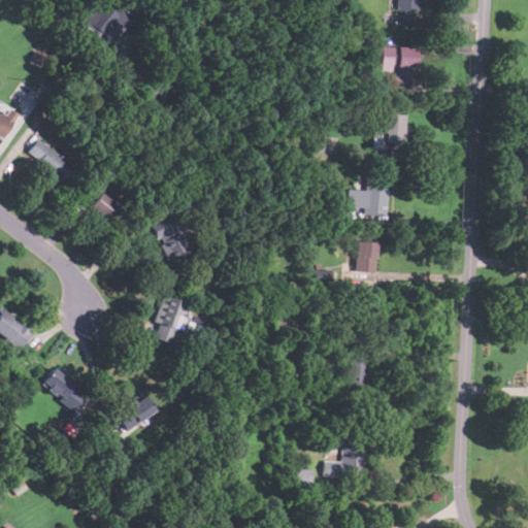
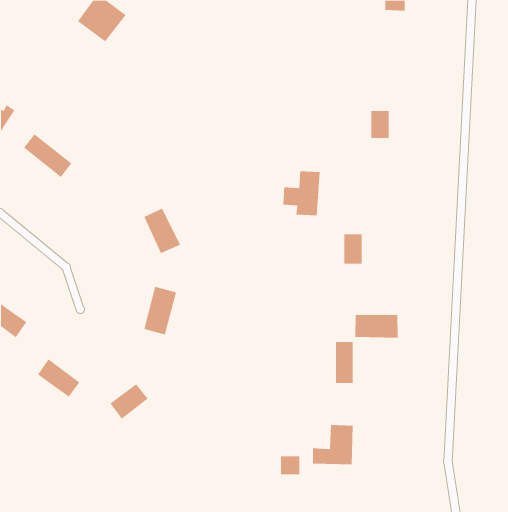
building: [385,47,420,69] -> none
building: [352,173,391,220] -> [282,171,321,216]
building: [90,192,121,221] -> none
building: none -> [355,314,398,338]

